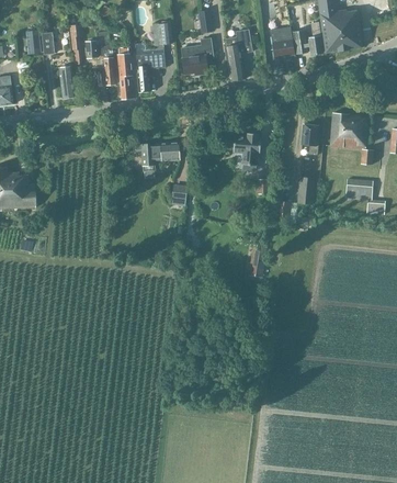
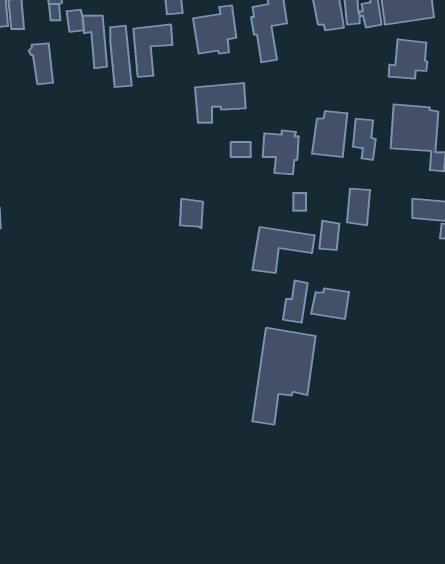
building: none -> [389,39,427,79]
building: none -> [312,111,347,157]
building: [141,141,180,170] -> [195,83,246,123]
building: none -> [252,227,314,273]
building: none -> [311,288,349,319]
building: none -> [252,328,316,425]

